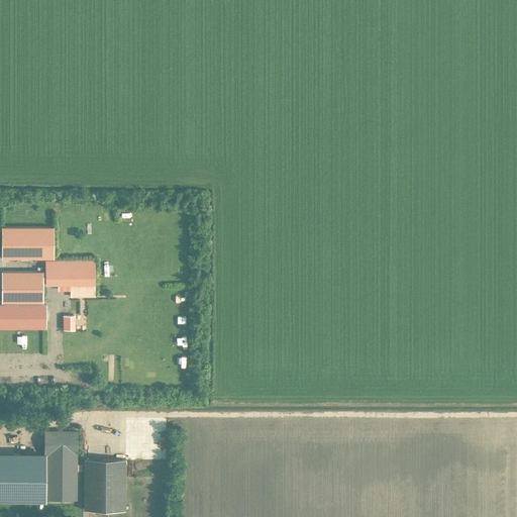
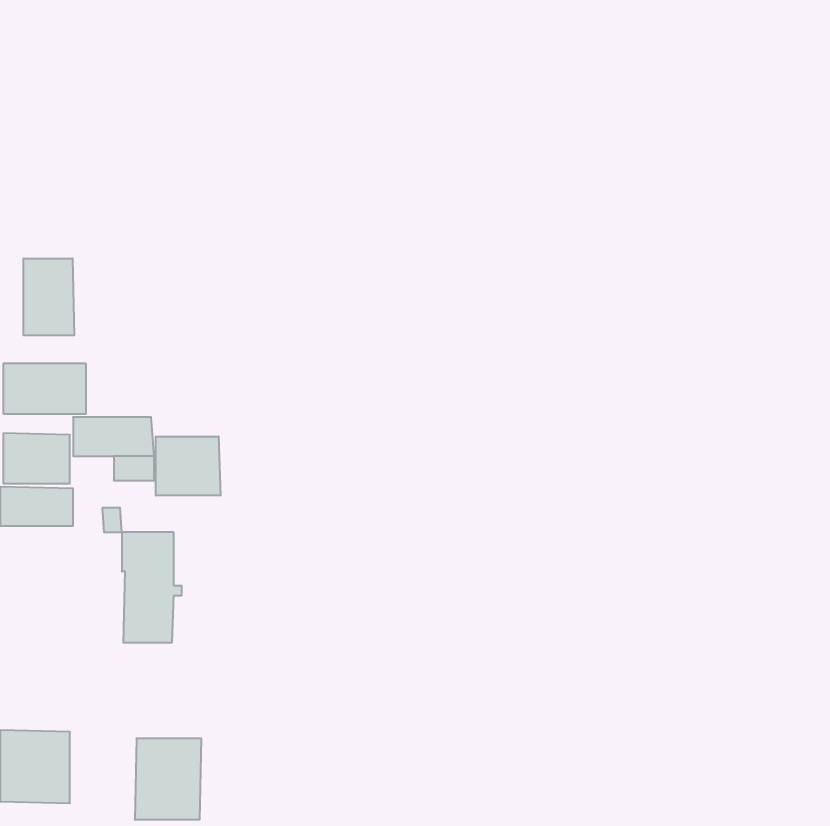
building: none -> [24,258,74,335]
building: none -> [156,436,221,496]
building: [44,433,82,502] -> [122,532,182,643]

